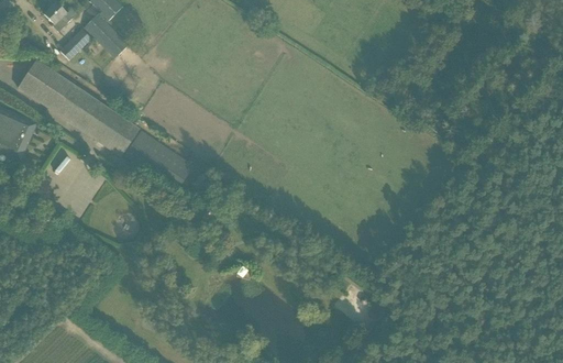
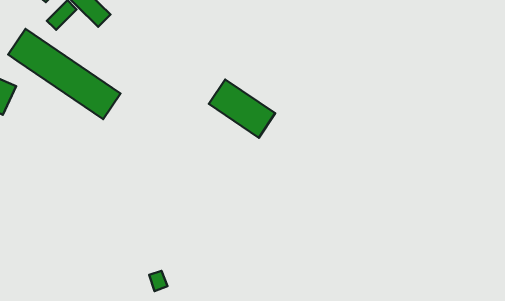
building: [122,128,194,190] -> [209,79,275,138]

